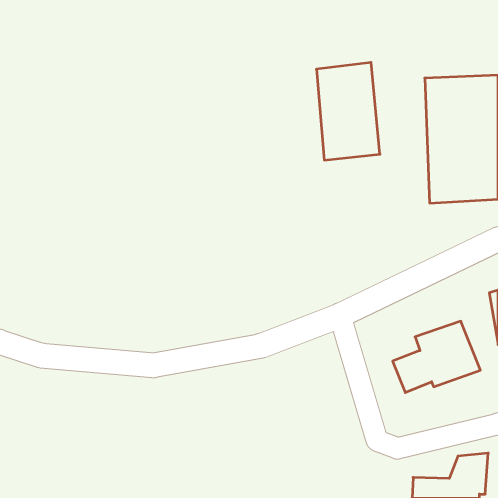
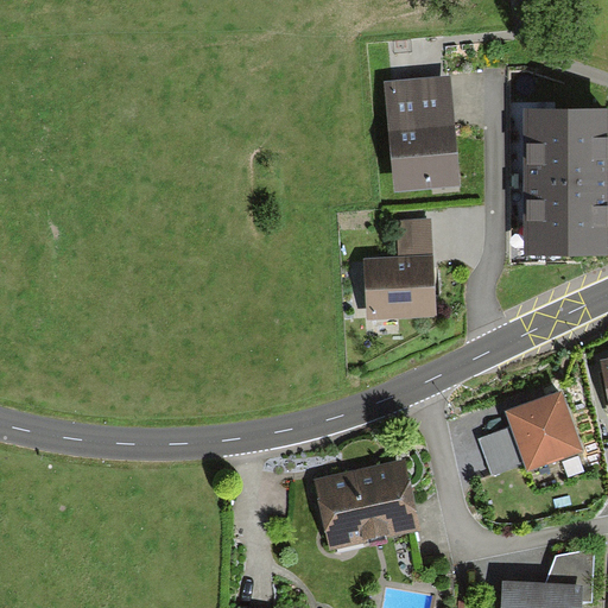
building: none -> [362,218,437,322]
building: none -> [315,467,419,549]

